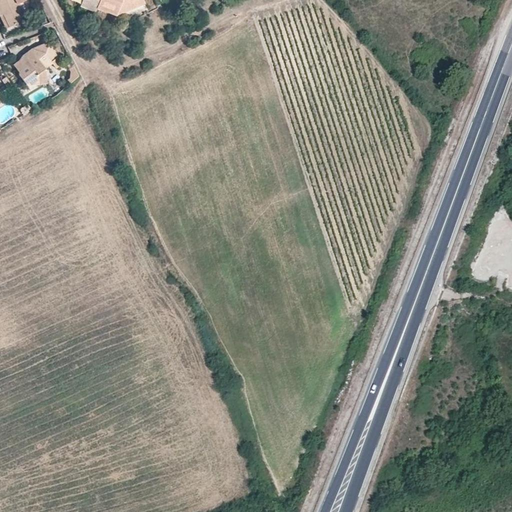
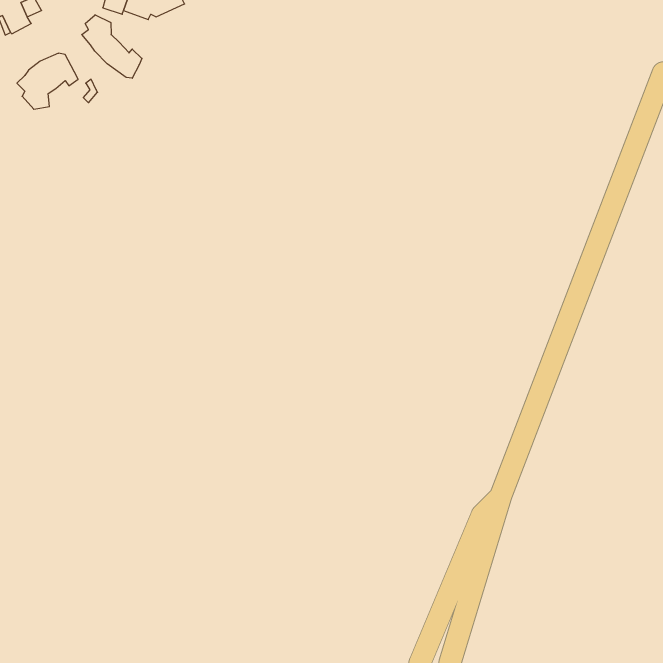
building: none -> [82,15,142,78]

